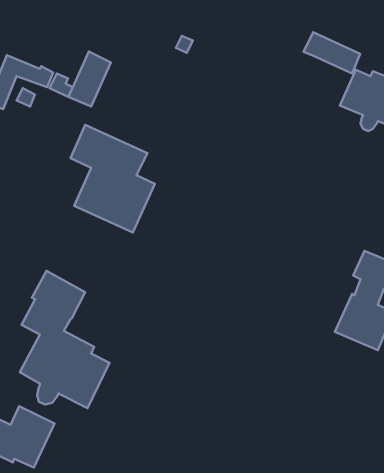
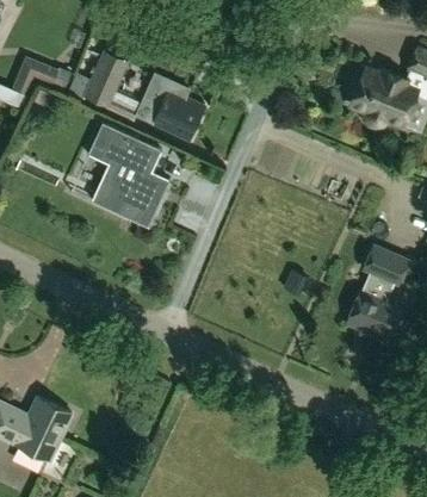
building: [303,32,360,74] -> none
building: none -> [136,89,204,138]
building: [20,271,110,408] -> none

